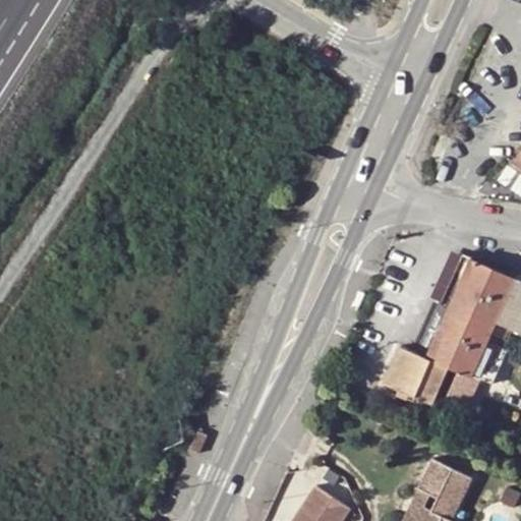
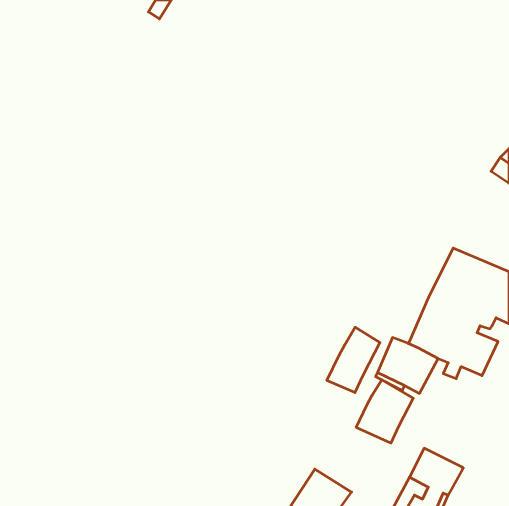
building: none -> [327,327,380,393]
building: none -> [356,380,413,443]

